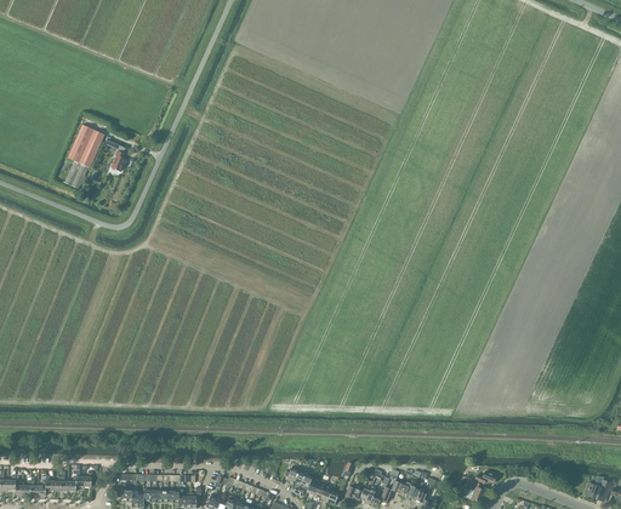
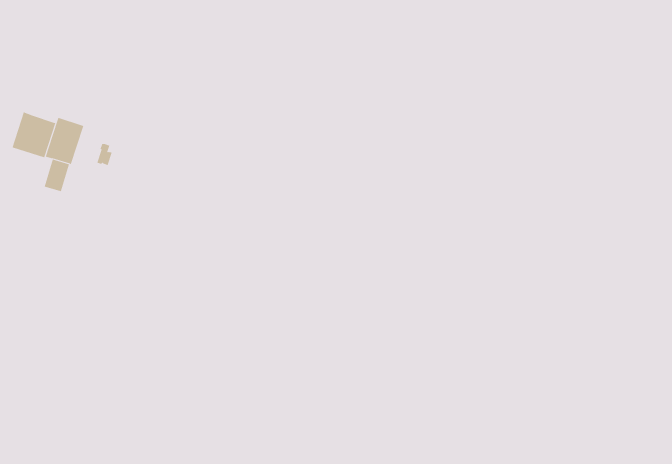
building: none -> [12,112,56,158]

